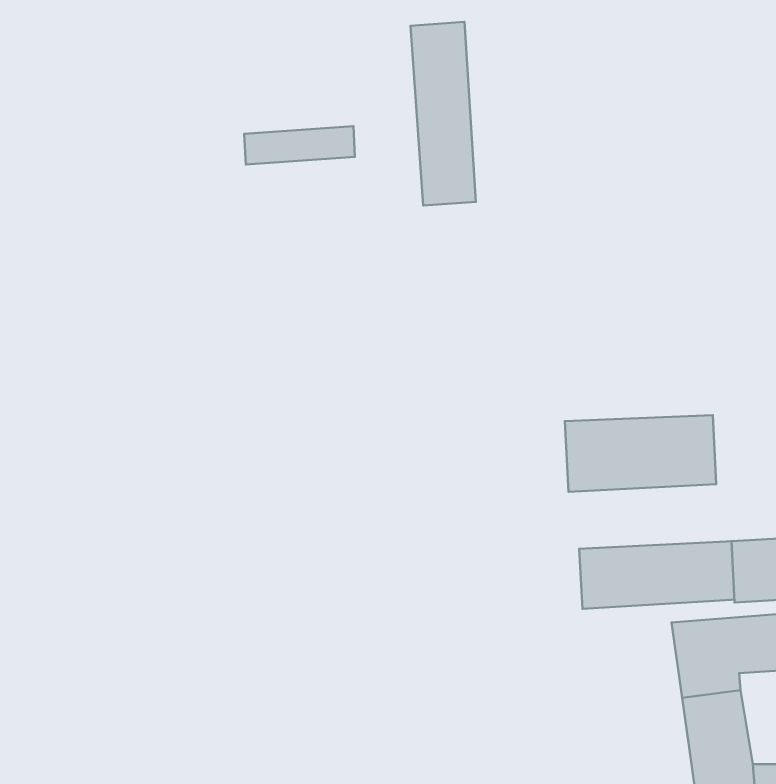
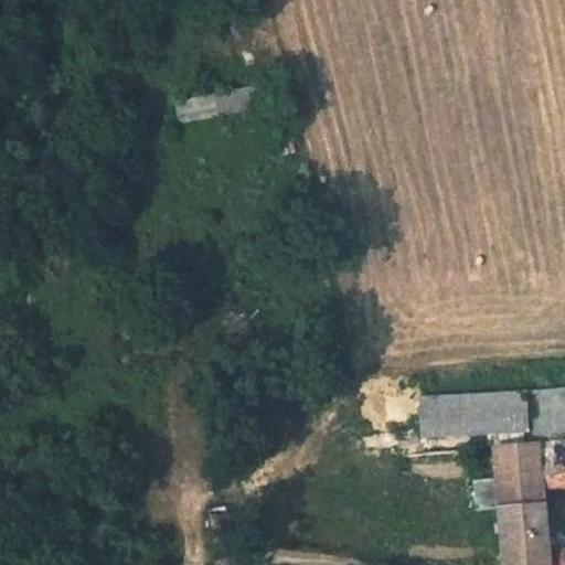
building: [410,22,476,206] -> none
building: [565,415,716,492] -> none

